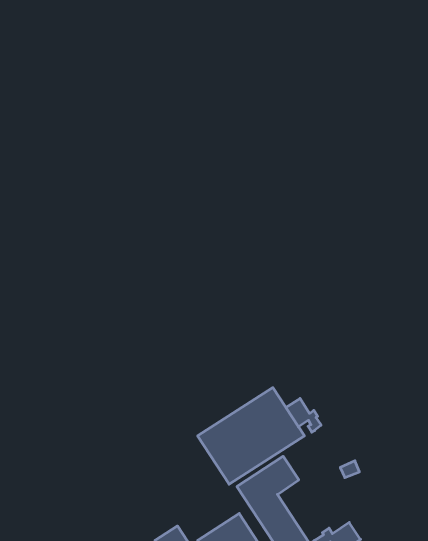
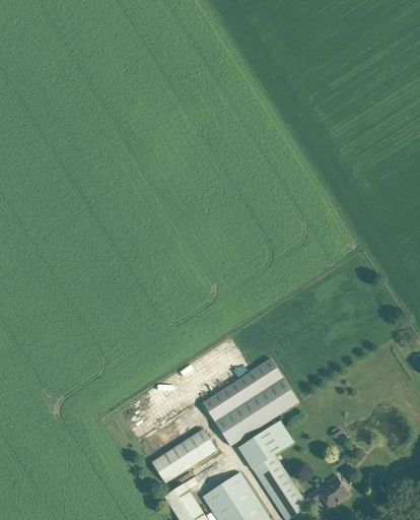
building: [286,398,321,432] -> none
building: none -> [151,429,216,483]

